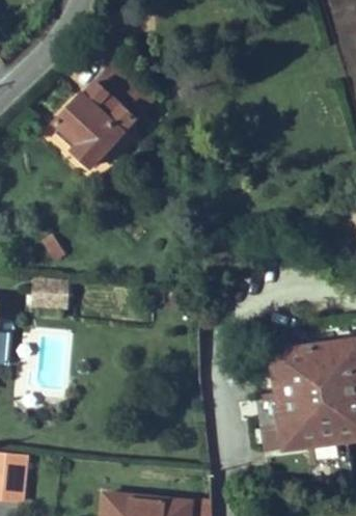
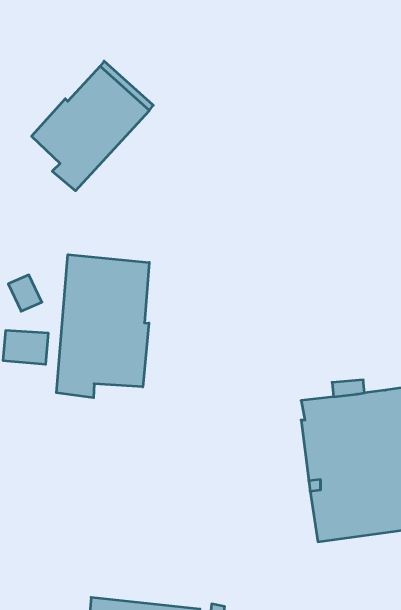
building: none -> [56,255,149,398]

